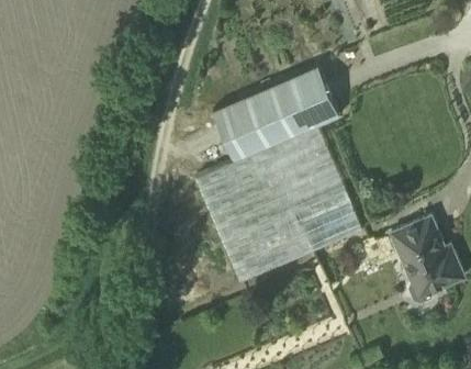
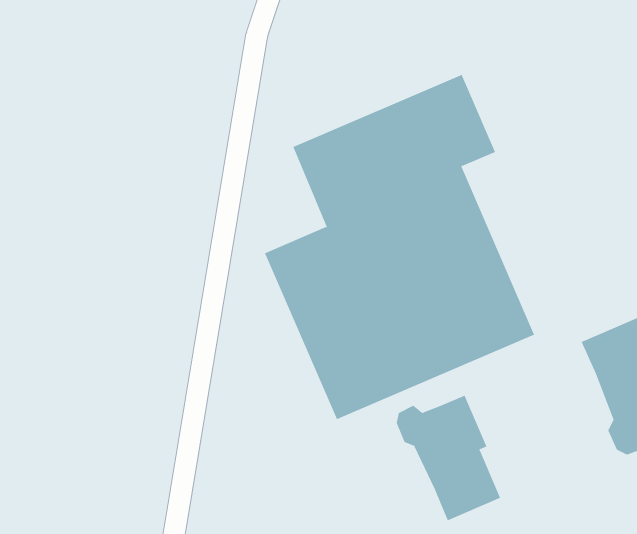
building: none -> [396,395,501,521]

